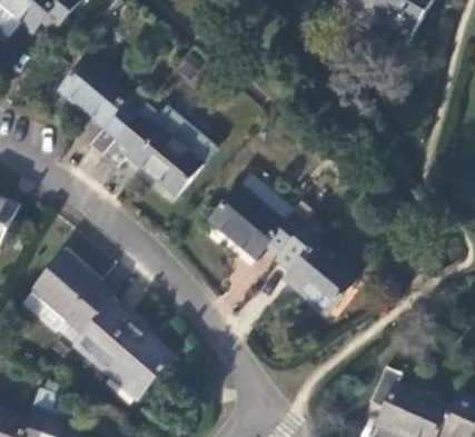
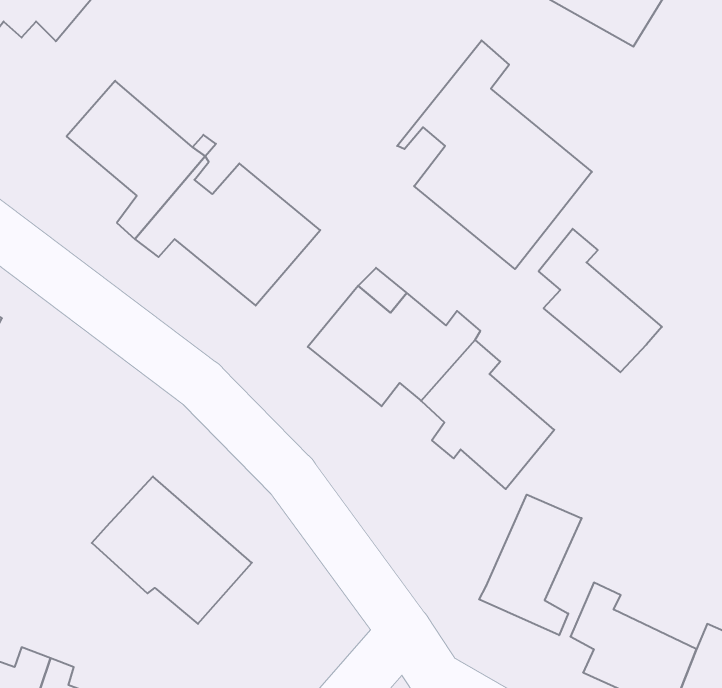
building: none -> [397,40,592,269]
building: none -> [539,229,662,372]
building: [32,252,115,334] -> none
building: none -> [479,495,582,635]

